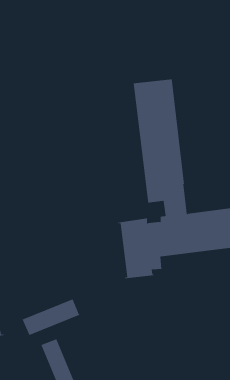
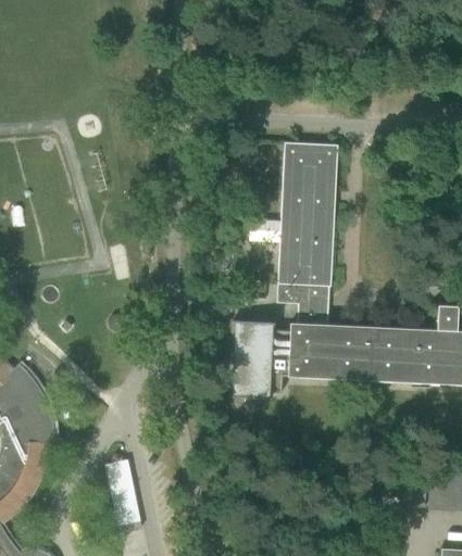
building: [22,298,80,336] -> none

